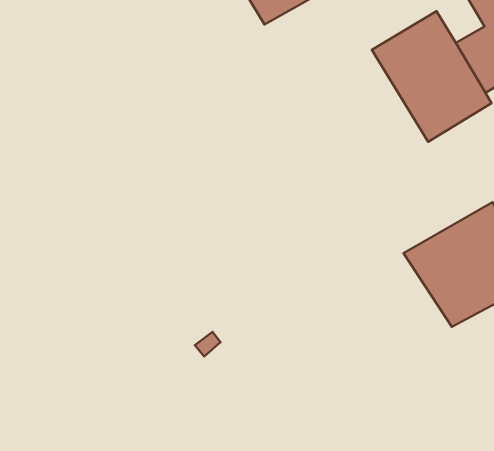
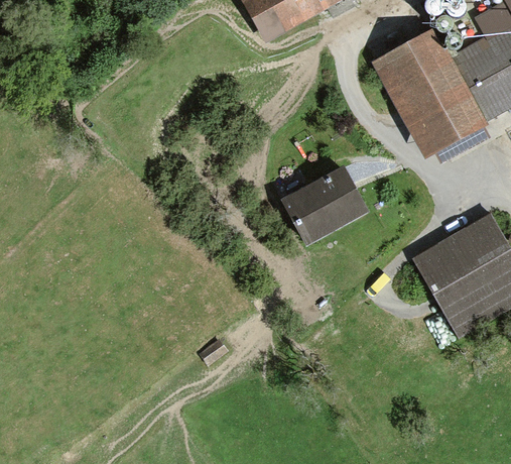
building: none -> [283,164,367,238]

